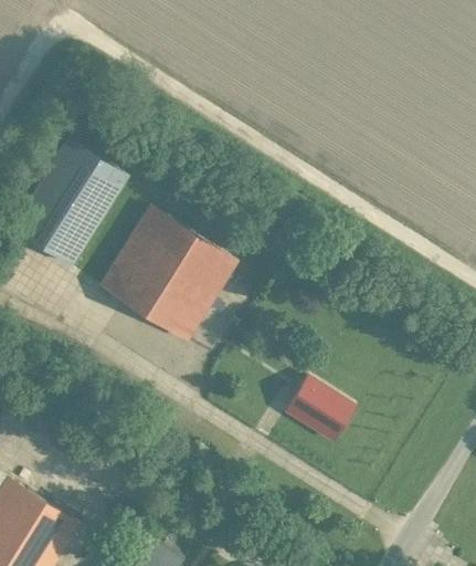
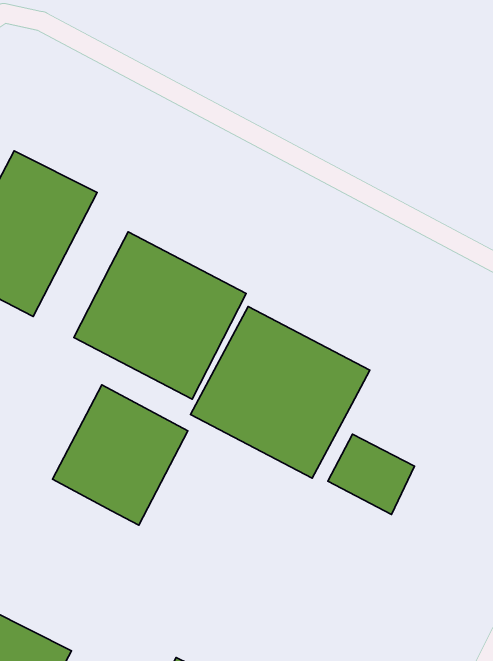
building: none -> [190,306,370,478]
building: none -> [53,385,188,525]

